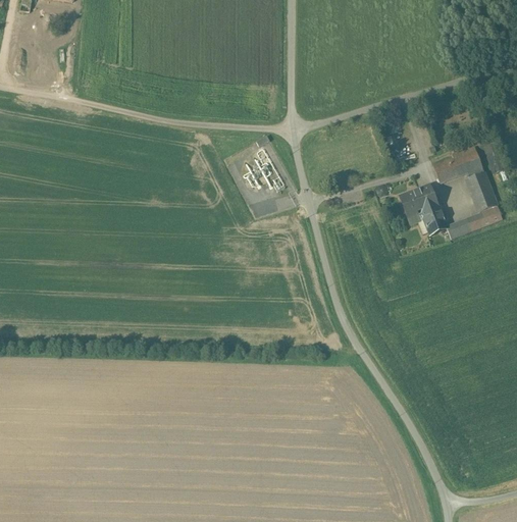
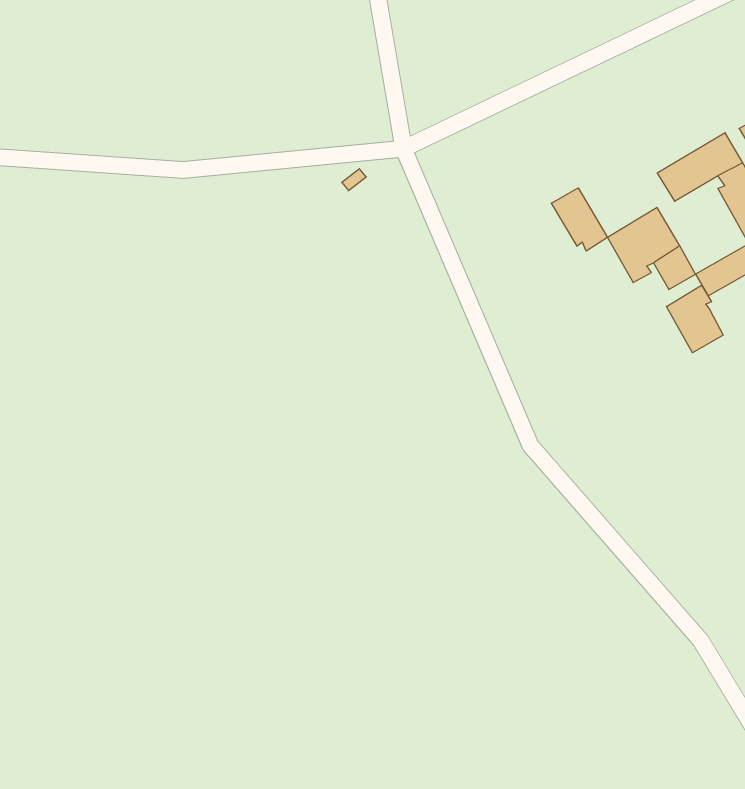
building: none -> [551,188,607,251]
building: none -> [666,285,723,353]

